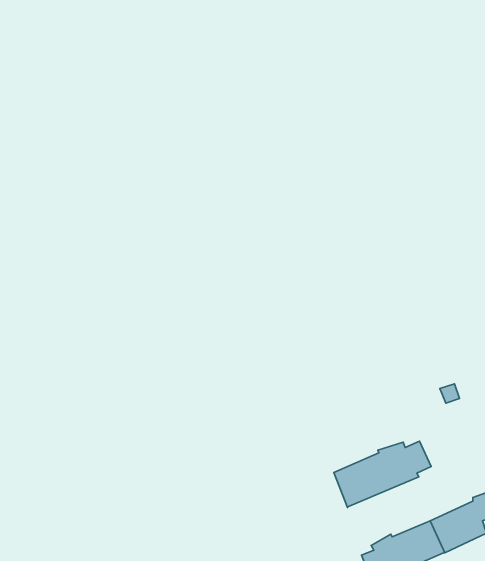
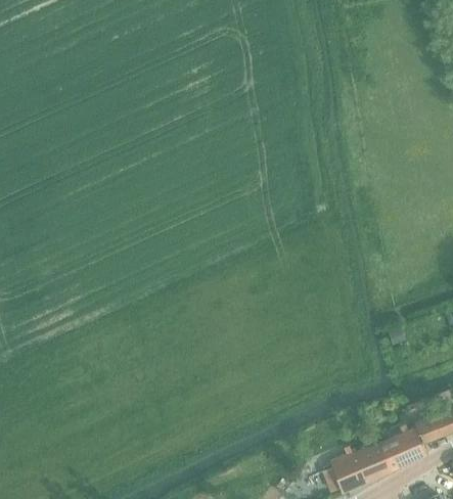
building: [334,441,431,507] -> none

